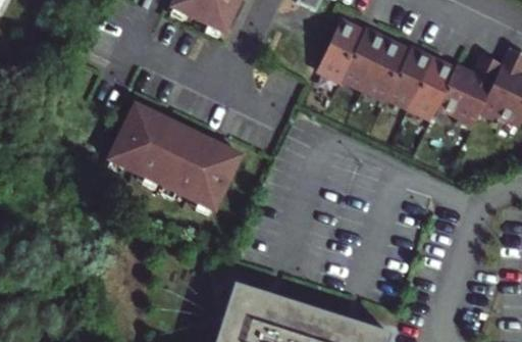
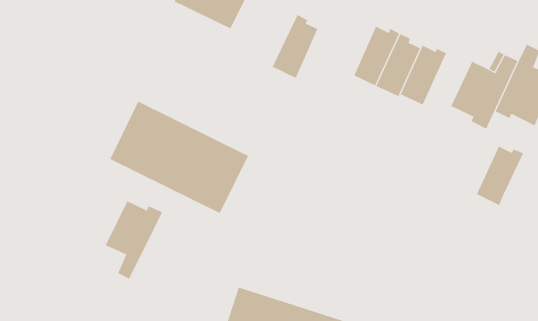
building: [318,18,363,81] -> [272,14,318,78]
building: [410,60,456,118] -> [476,146,524,206]
building: none -> [105,201,163,279]

